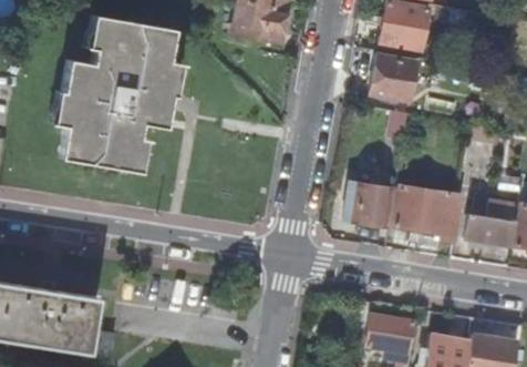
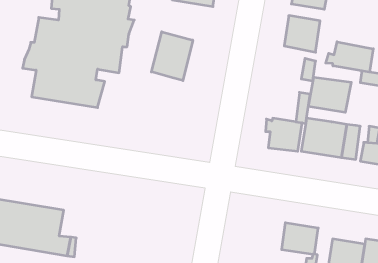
building: none -> [151,32,193,81]
building: none -> [326,42,373,72]
building: none -> [308,77,351,112]

